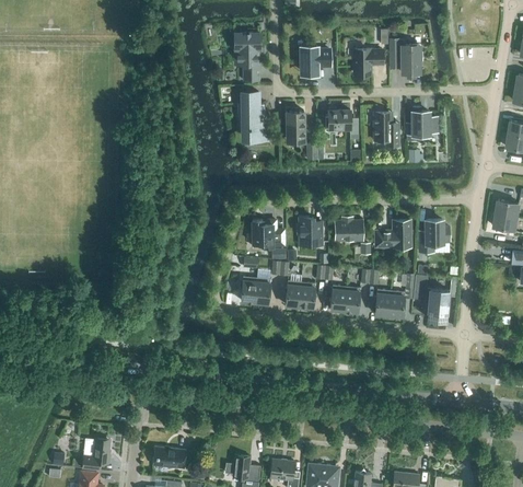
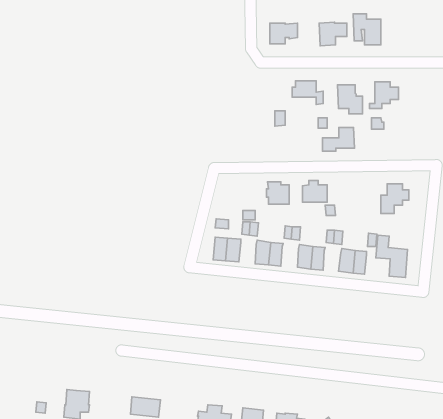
building: [234,33,260,81] -> none
building: [237,92,269,140] -> none
building: [286,111,304,138] -> none
building: [252,220,283,246] -> none
building: [376,220,410,245] -> [322,127,354,151]

